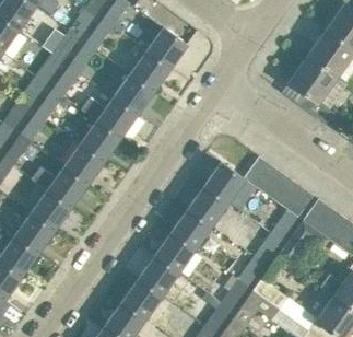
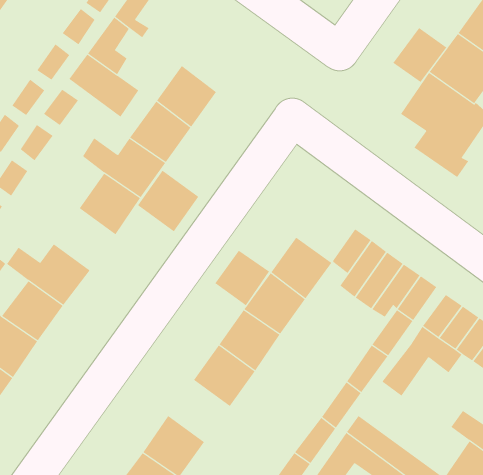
building: none -> [392,27,447,83]
building: [146,27,187,68] -> none
building: [63,143,104,184] -> [137,170,199,232]
building: none -> [215,250,270,306]
building: [138,255,178,295] -> none

